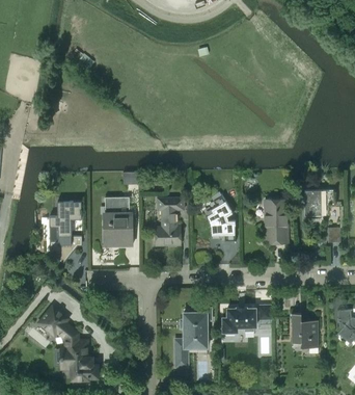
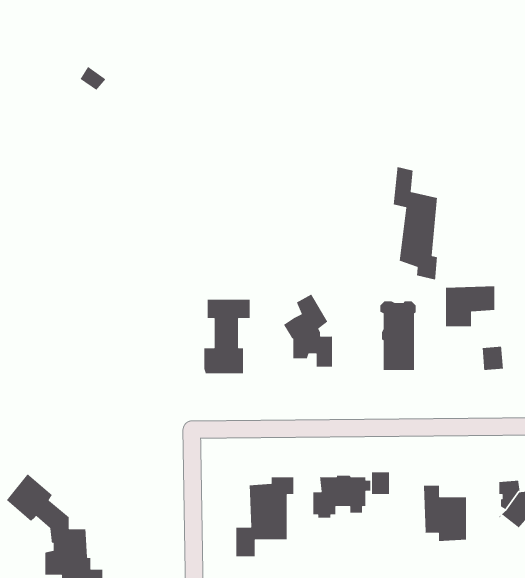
building: none -> [393,166,438,280]
building: [103,201,133,246] -> none
building: [49,202,82,265] -> none

